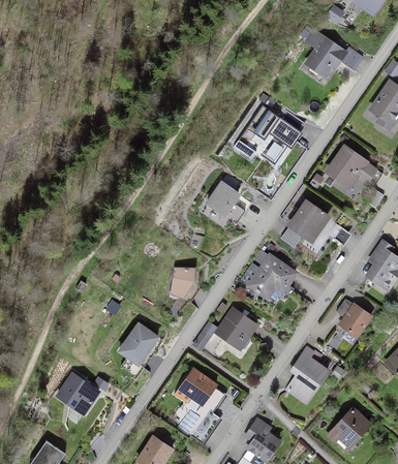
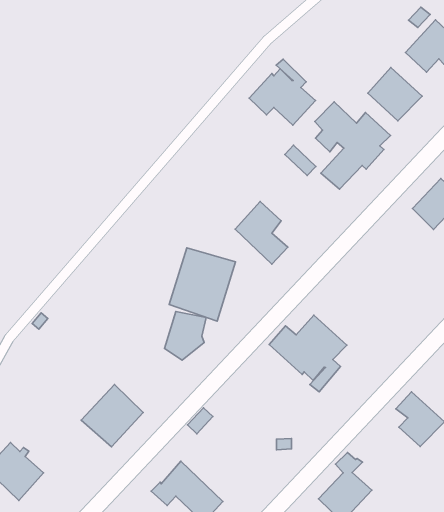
building: none -> [368,67,422,121]
building: none -> [249,59,315,125]
building: [289,203,347,244] -> none
building: none -> [169,248,235,321]
building: [215,308,255,349] -> none

